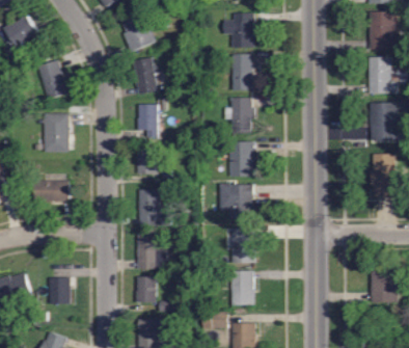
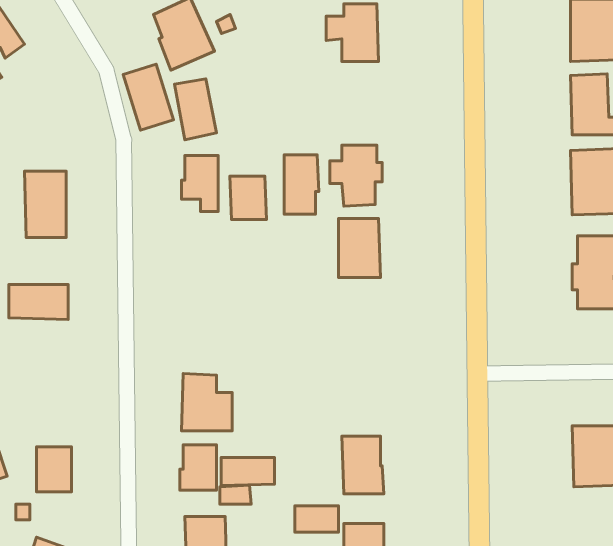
building: [233,55,253,90] -> [284,155,319,214]
building: [37,60,67,100] -> [123,64,174,130]
building: [136,148,158,173] -> [230,176,267,220]
building: [220,184,254,220] -> none
building: [138,189,171,225] -> none
building: [231,227,256,264] -> none
building: none -> [221,457,274,485]

